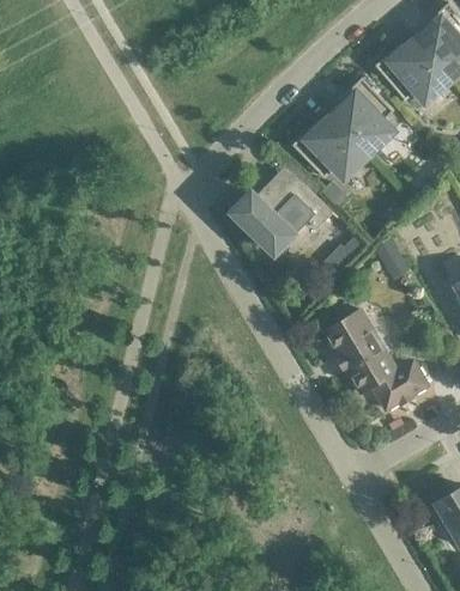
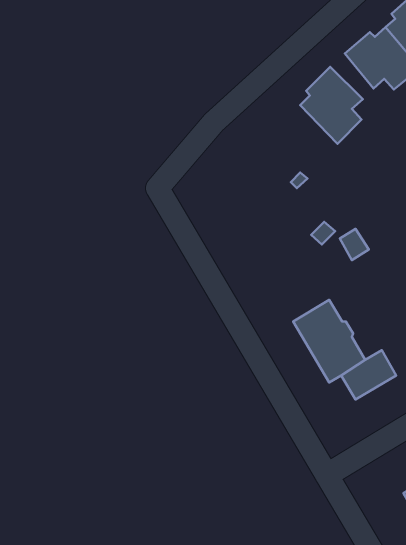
building: [292,117,369,178] -> none
building: [237,182,333,254] -> none

